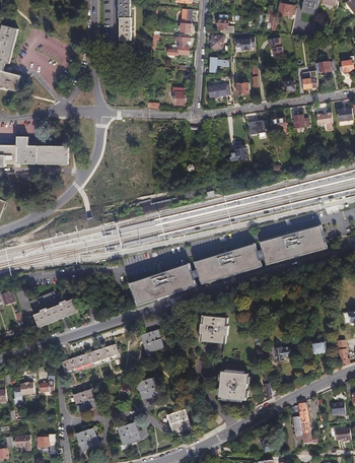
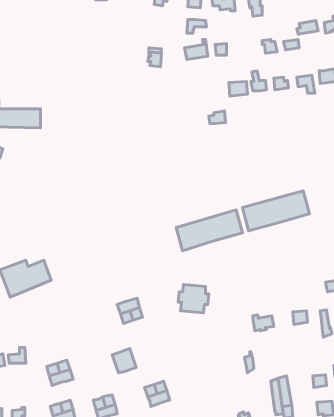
building: [134,262,199,303] -> none
building: [62,343,122,374] -> none
building: [221,371,250,400] -> none

